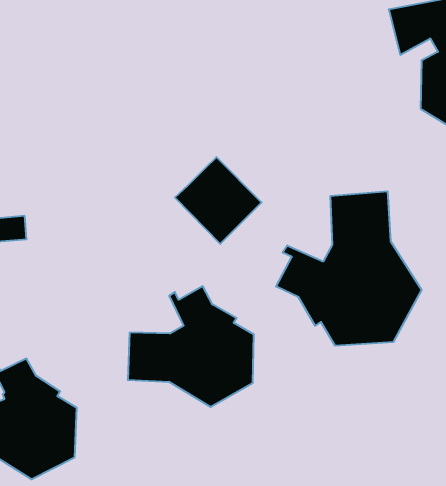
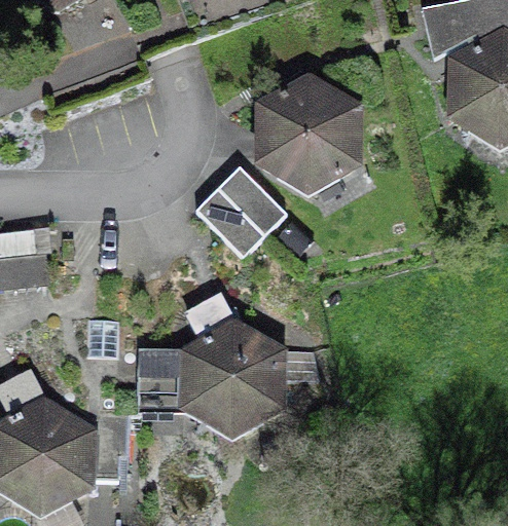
building: none -> [263,79,354,189]
building: [276,191,421,346] -> none

